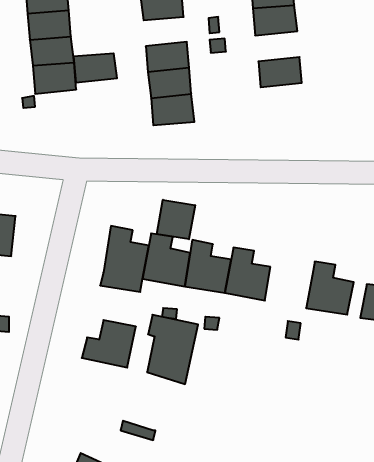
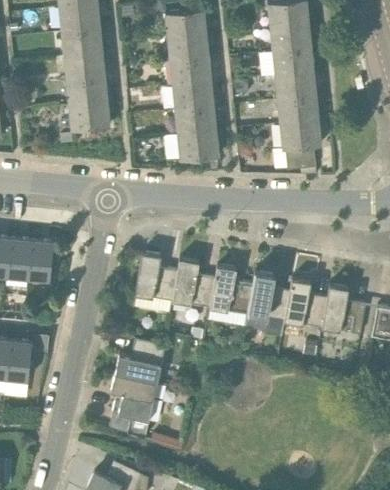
building: none -> [275,73,316,101]
building: [74,53,117,83] -> [172,60,212,87]
building: none -> [280,121,321,171]
building: [157,200,195,239] -> none
building: none -> [284,279,328,329]
building: [147,315,198,384] -> [110,375,157,439]

